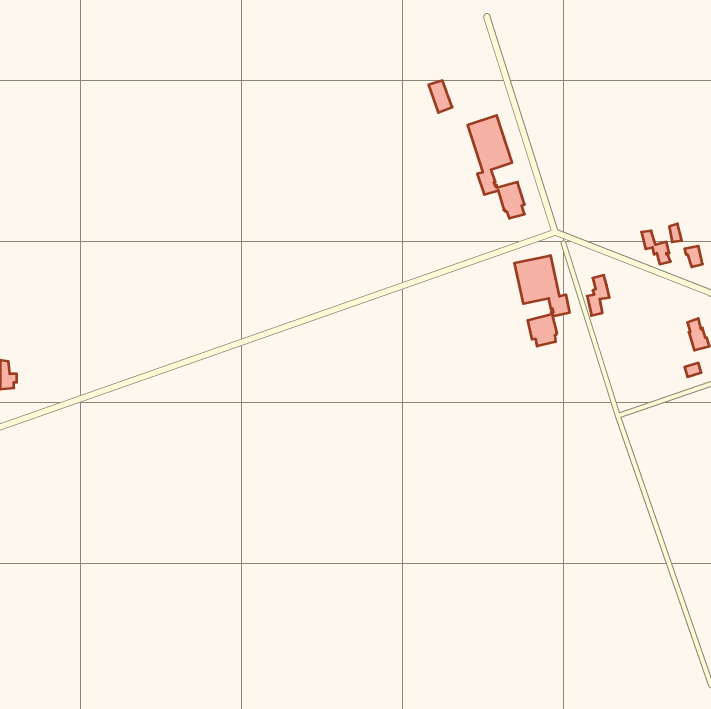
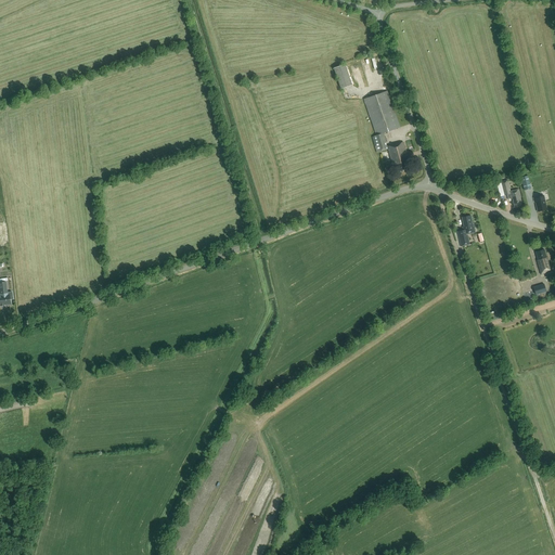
building: [515,255,569,346] -> none

